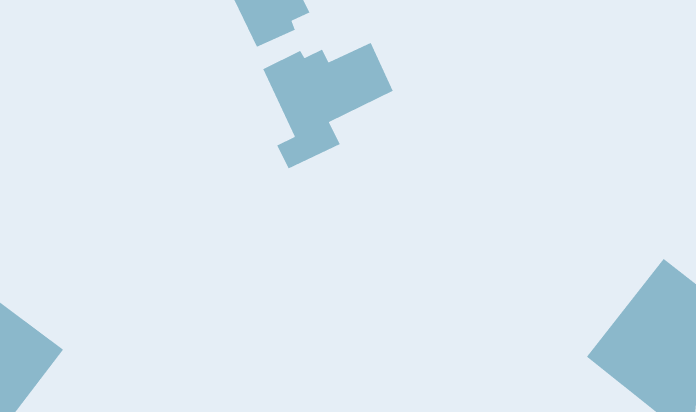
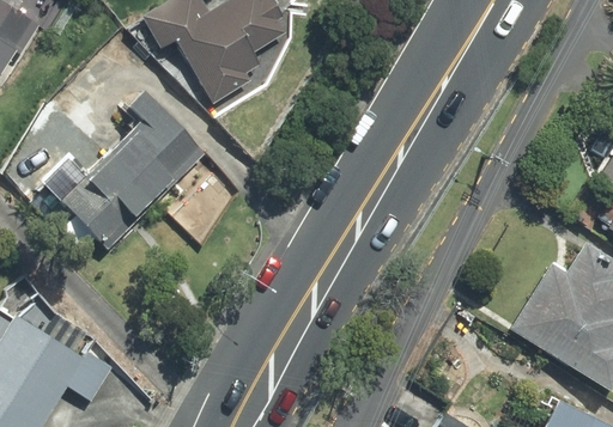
building: [262,42,394,170] -> none
building: none -> [67,109,199,240]

